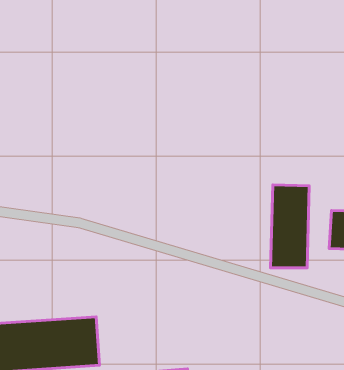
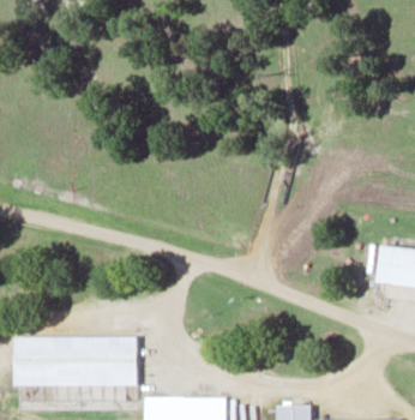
building: [271,185,309,268] -> none

